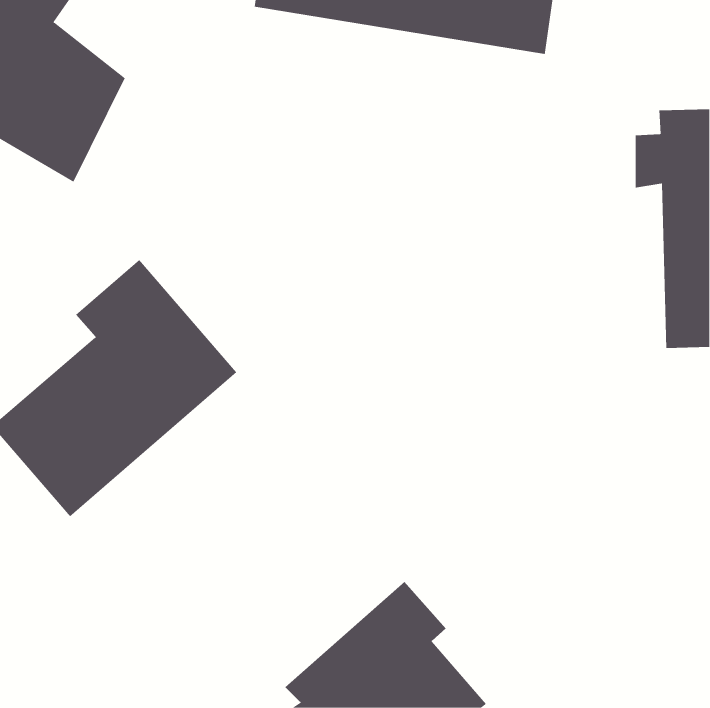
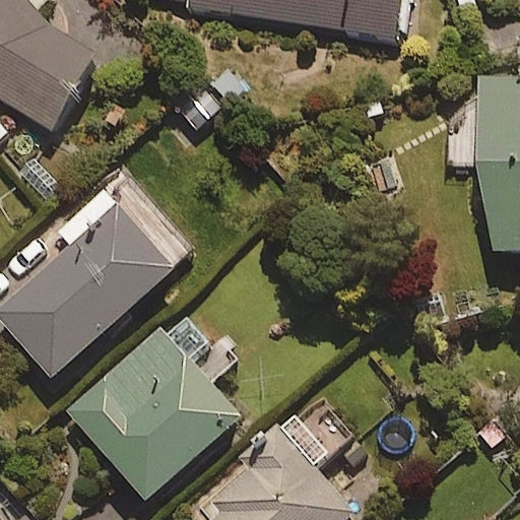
building: none -> [66,311,241,501]

